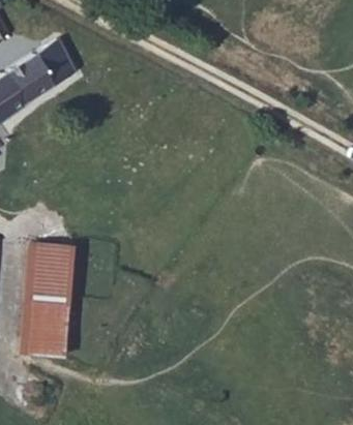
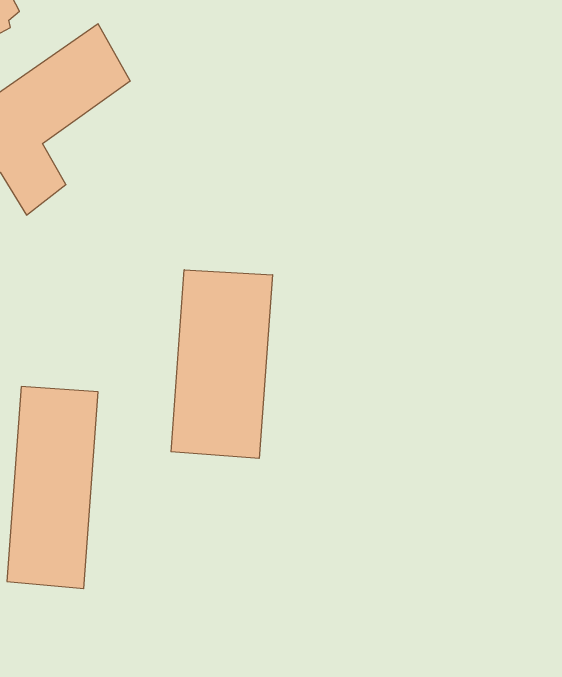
building: none -> [171,270,273,458]

